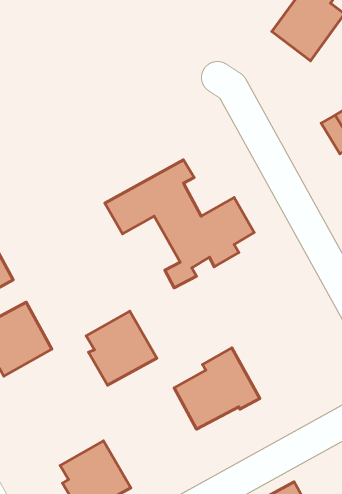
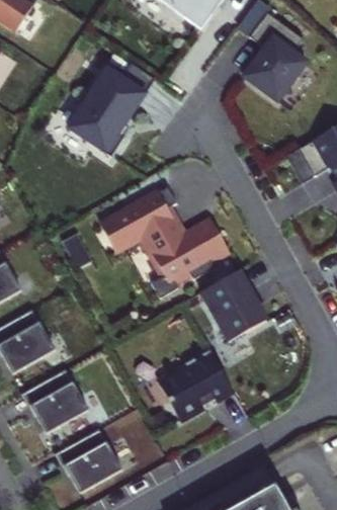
building: none -> [67,63,154,156]
building: none -> [200,271,266,342]
building: [86,311,157,385] -> [27,369,88,433]

